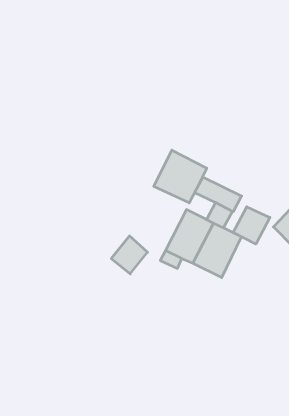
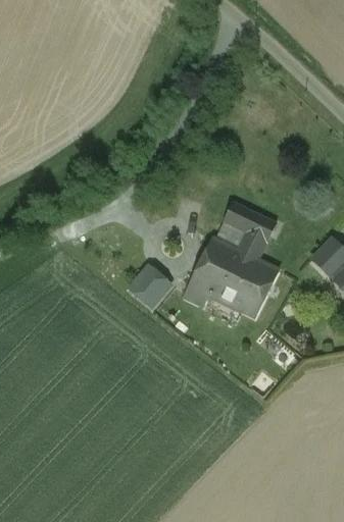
building: [154,150,207,203] -> none
building: [233,207,270,244] -> none

